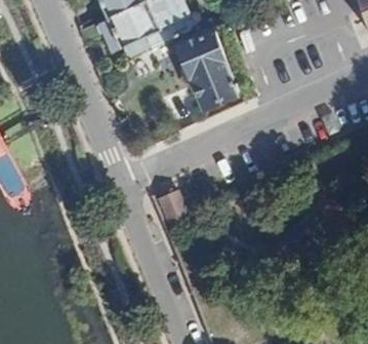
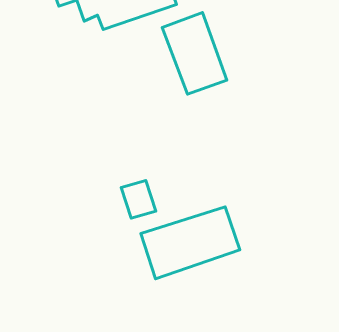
building: none -> [141,207,240,279]

